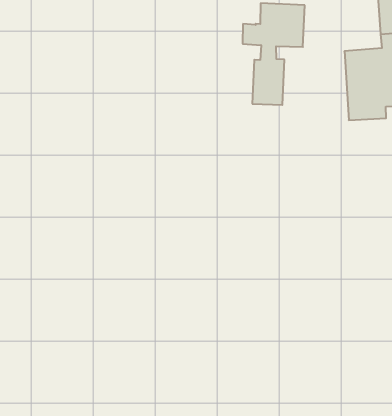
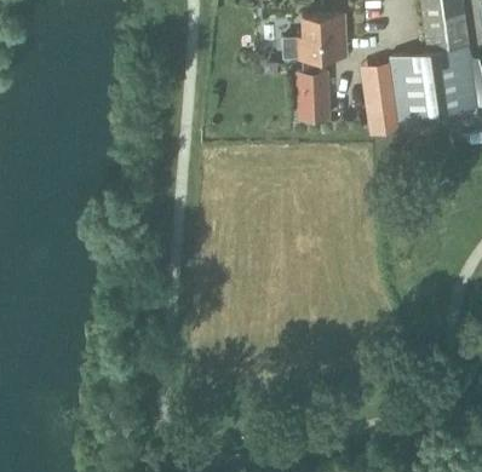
building: none -> [363,64,401,138]

